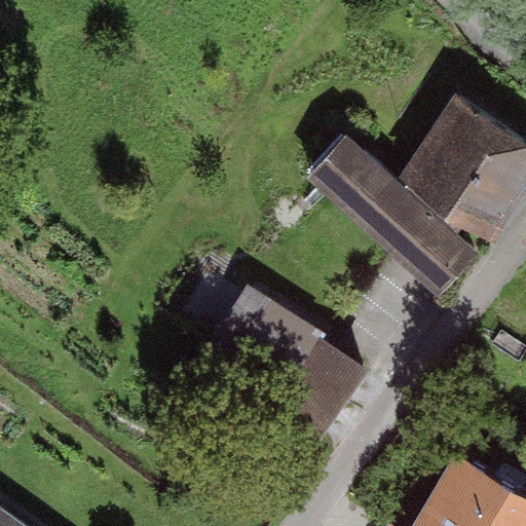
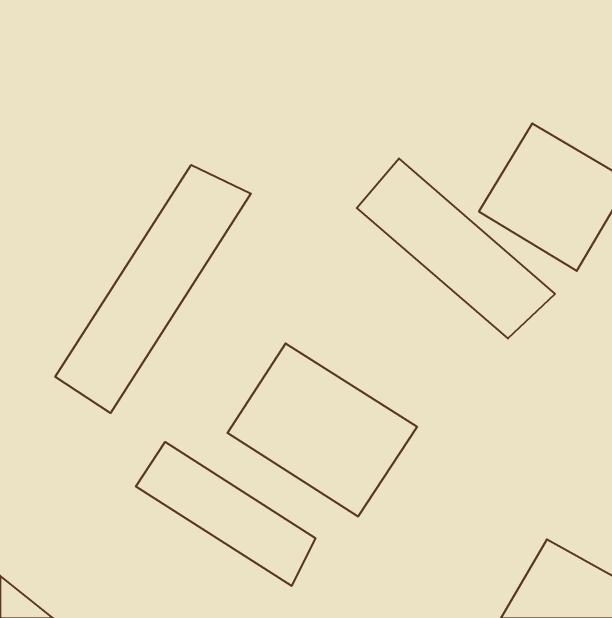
building: none -> [55,165,251,413]
building: none -> [136,442,315,586]

